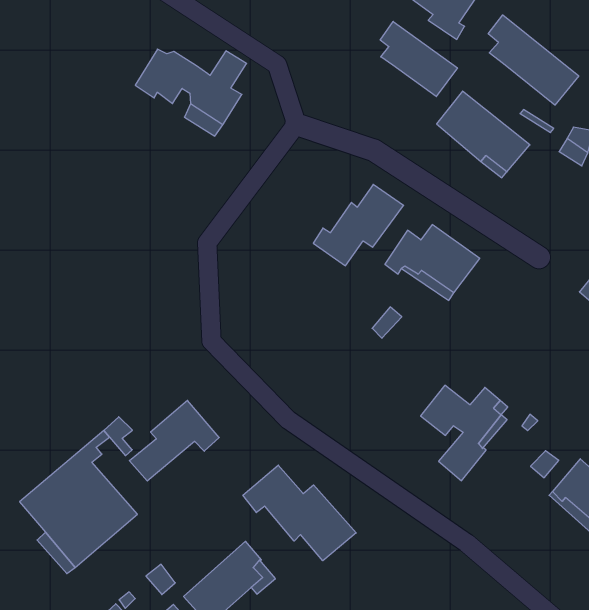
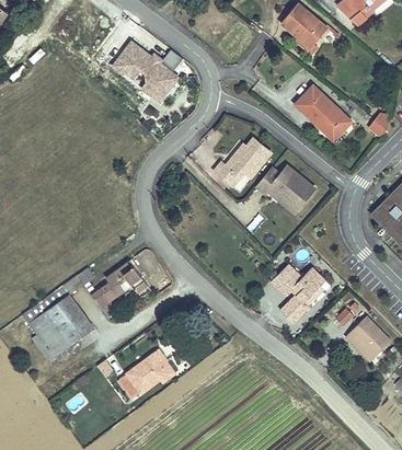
building: [488,15,579,105] -> none
building: [380,21,457,97] -> none
building: [243,465,356,561] -> none

